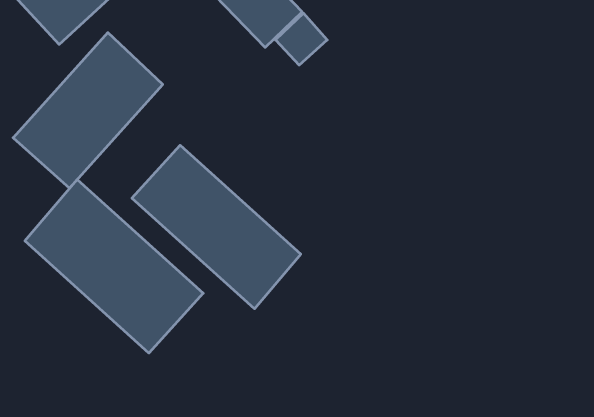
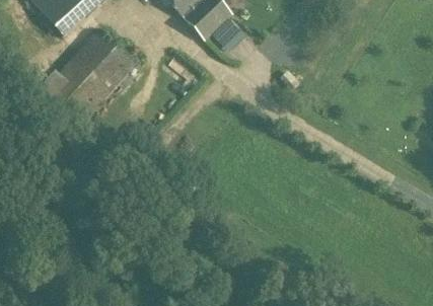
building: [132,145,301,309] -> none
building: [25,180,203,353] -> none

